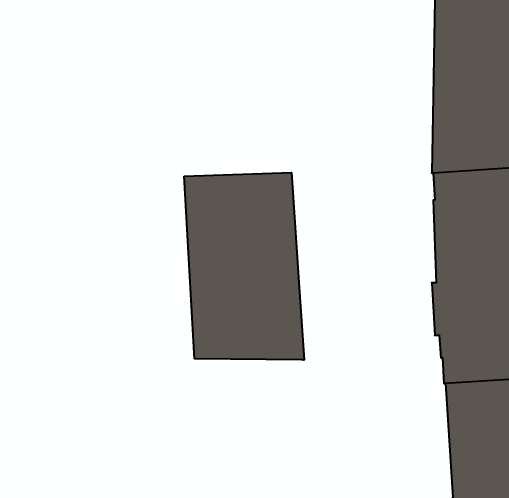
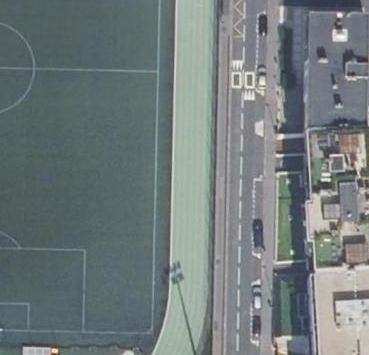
building: [184,173,304,360] -> none

